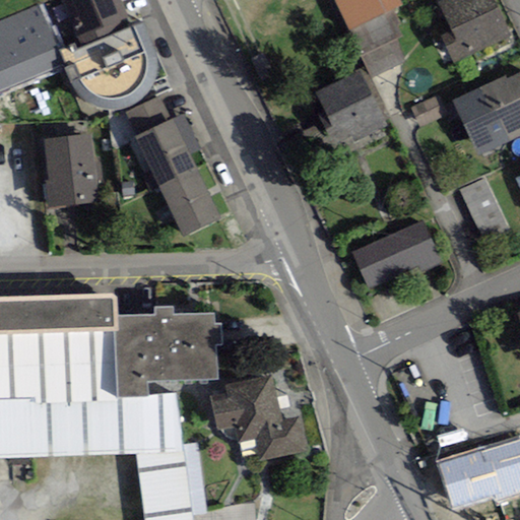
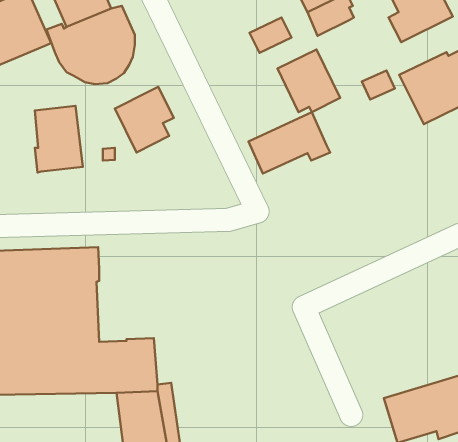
building: [361,39,407,78] -> [250,17,291,53]
building: [124,95,171,136] -> none
building: [158,168,220,236] -> none
building: [459,179,510,242] -> none
building: [351,219,443,287] -> [248,112,330,173]
building: [117,306,222,397] -> none
building: [209,375,308,460] -> none

